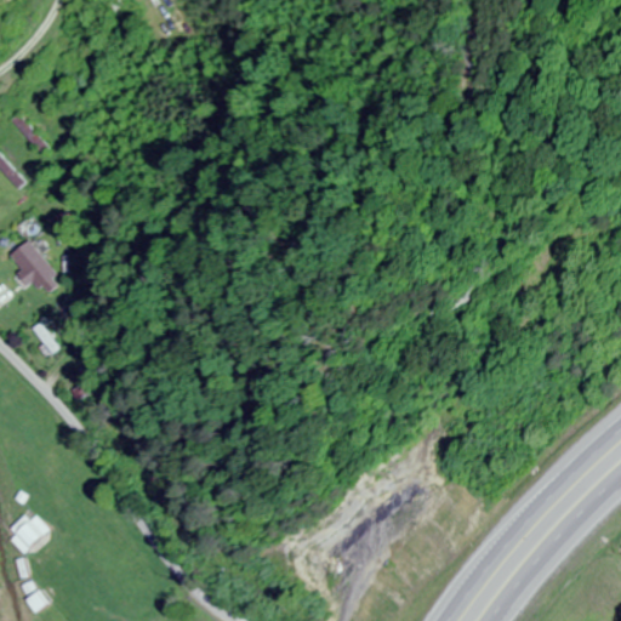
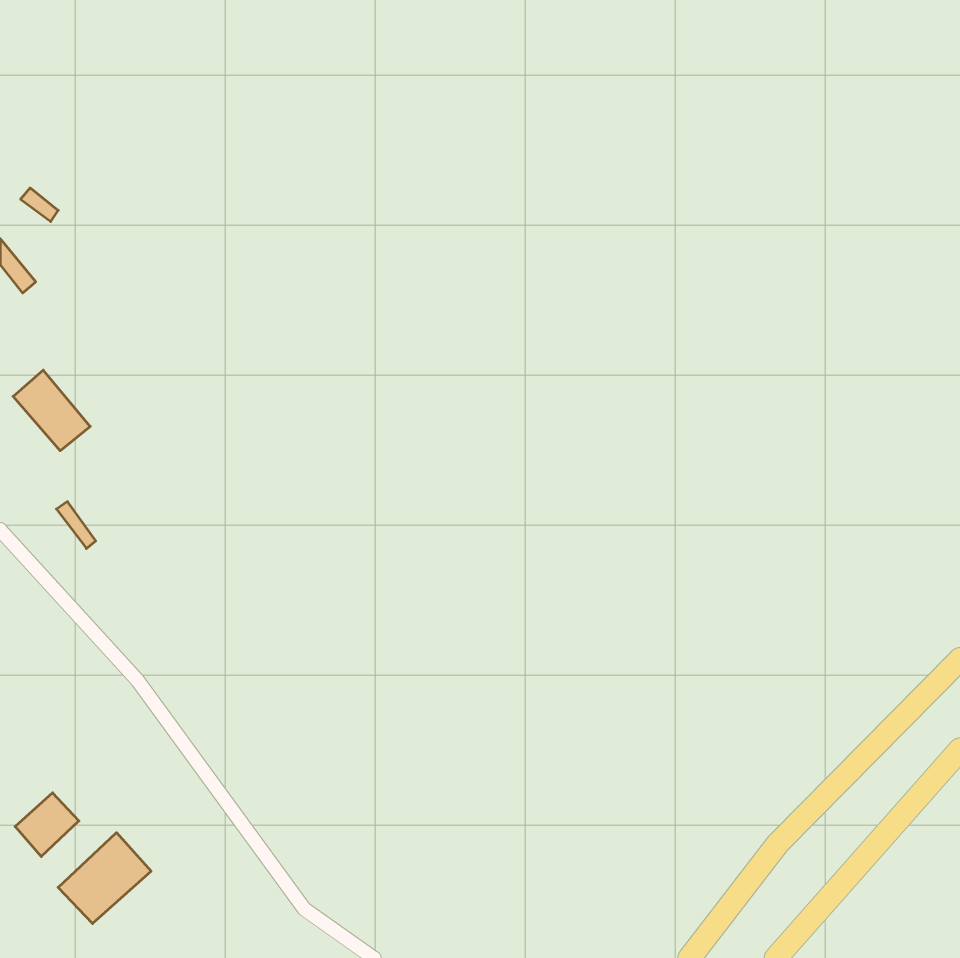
building: none -> [58,833,151,924]

